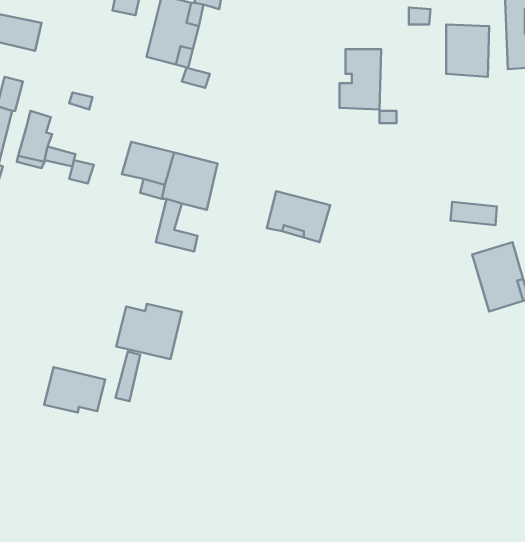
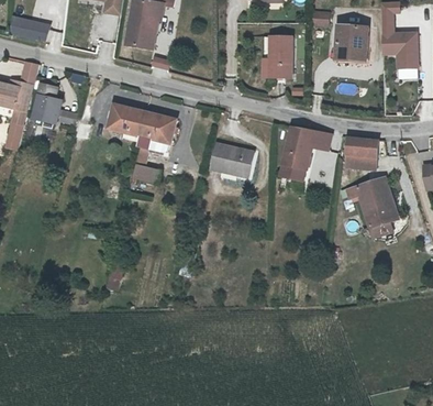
building: none -> [280,127,327,179]
building: none -> [343,133,377,153]
building: [116,304,182,359] -> none
building: [44,367,105,413] -> none

